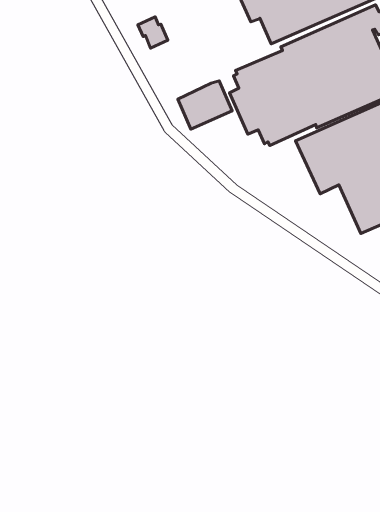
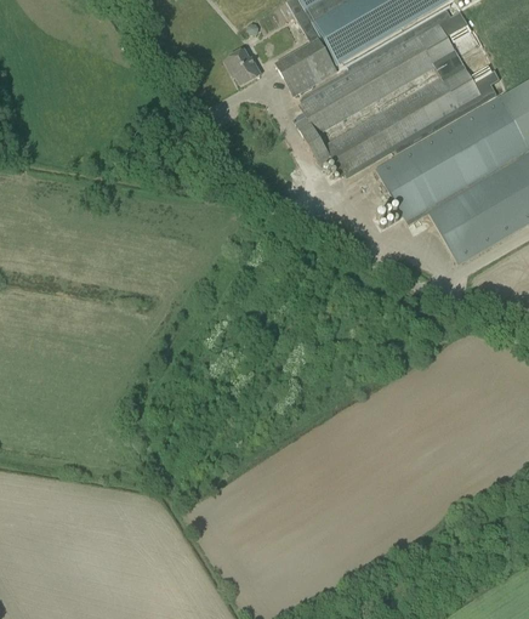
building: [138,17,168,48] -> [226,47,261,83]
building: [178,81,232,129] -> [277,36,339,93]

